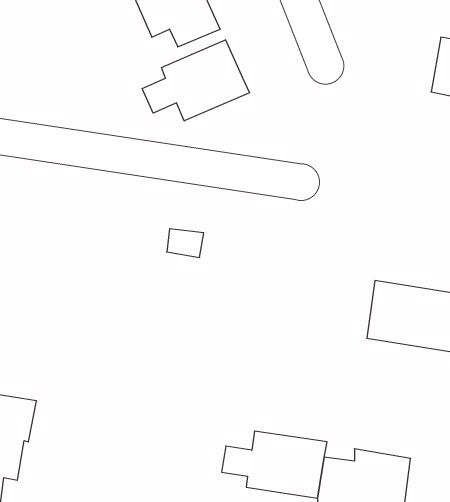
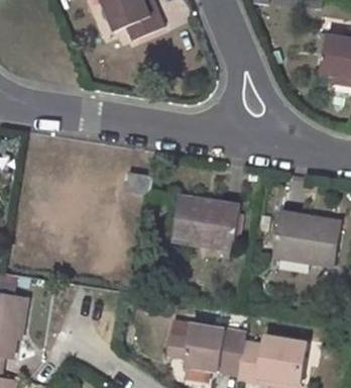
building: [142,40,249,121] -> none
building: none -> [170,196,239,248]

